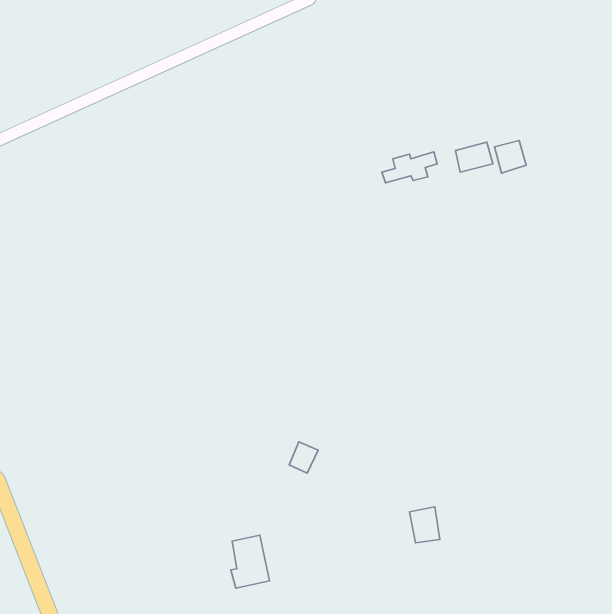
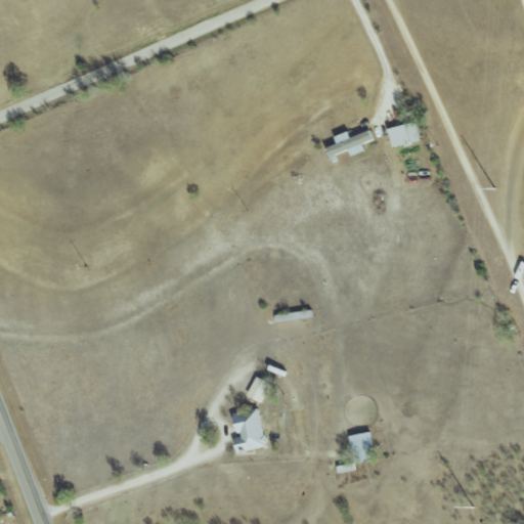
building: [495,141,526,173] -> none
building: [231,535,270,588] -> [232,407,265,452]

